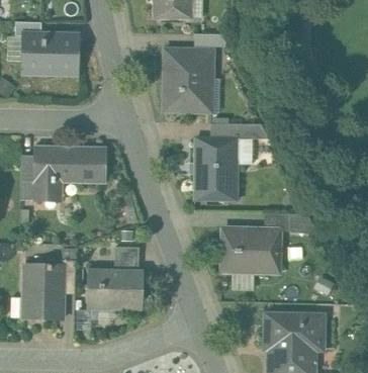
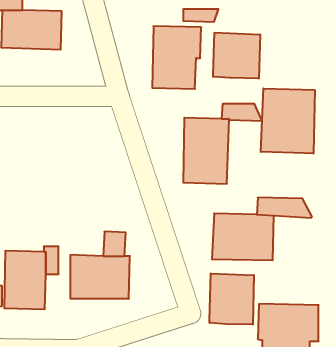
building: none -> [213,33,260,79]
building: none -> [261,88,315,154]
building: [33,147,105,201] -> none
building: none -> [210,273,254,325]

